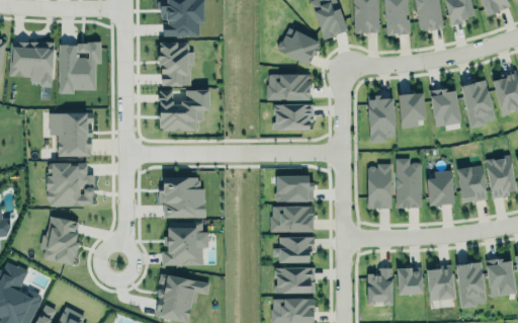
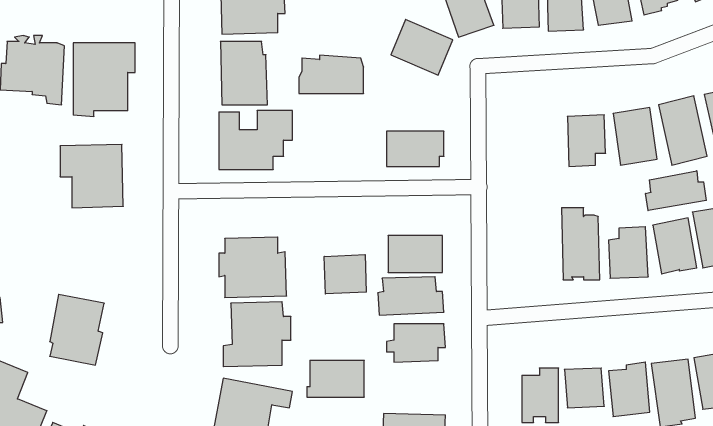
building: [266,72,311,98] -> [299,55,364,93]
building: [368,98,395,141] -> none
building: none -> [646,171,706,211]
building: [47,160,93,207] -> none
building: [367,165,392,209] -> none
building: none -> [324,255,366,294]
building: [276,267,316,293] -> [307,360,364,397]

